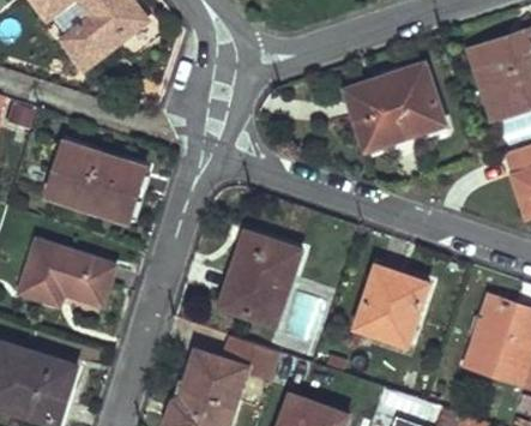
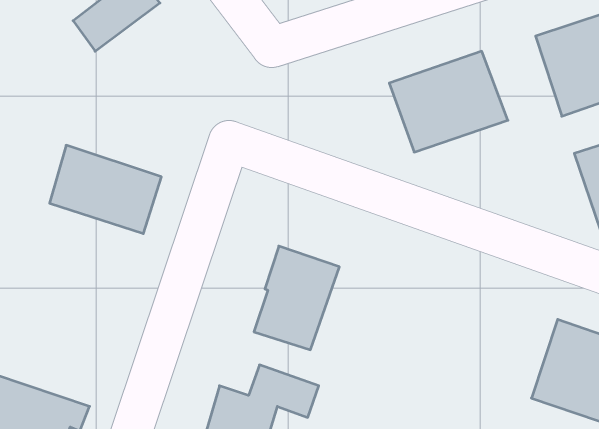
building: [19,241,115,306] -> none
building: [355,266,426,344] -> none

